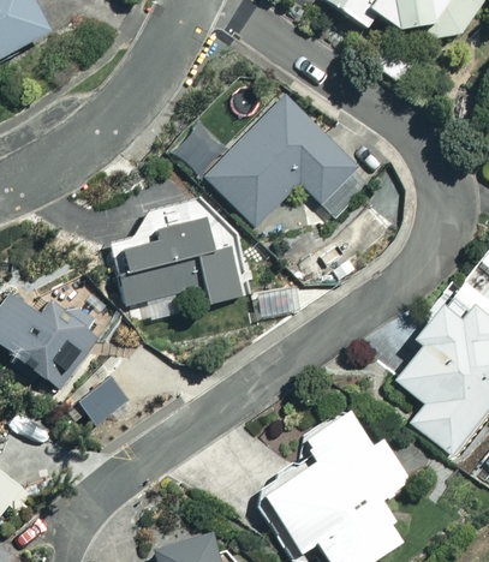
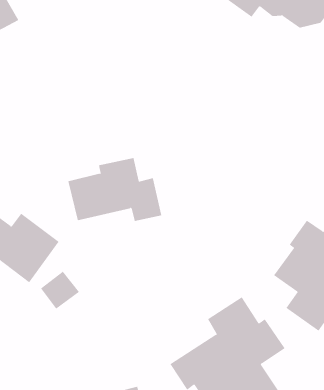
building: [175,92,375,226] -> none

